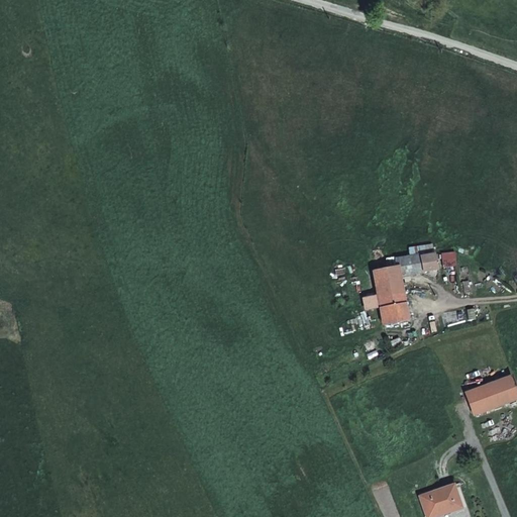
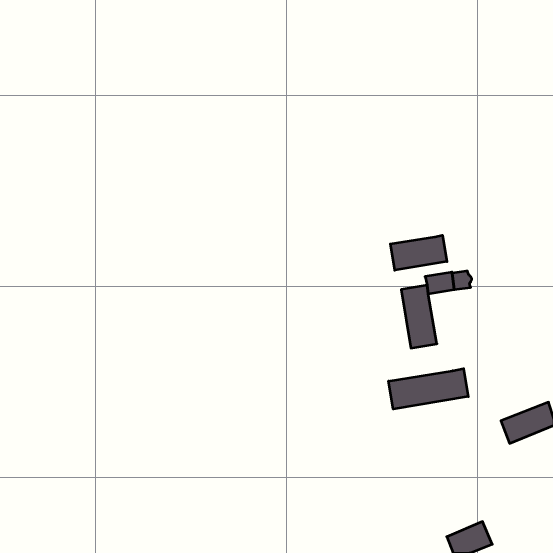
building: none -> [390,235,447,270]
building: none -> [389,369,468,409]

